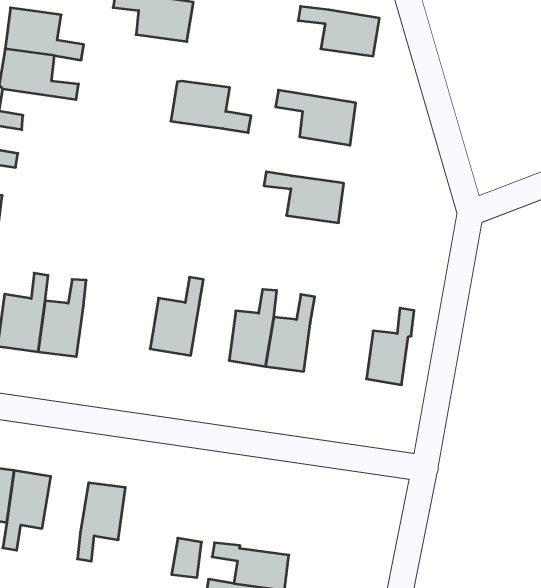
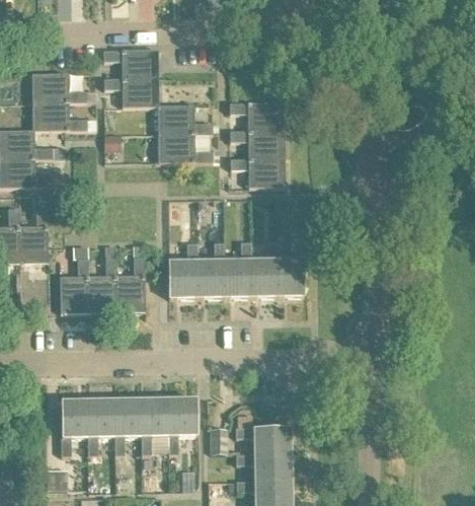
building: [298,6,379,56] -> [228,131,285,159]
building: none -> [102,77,159,107]
building: none -> [156,134,213,162]
building: none -> [197,242,225,297]
building: none -> [116,257,146,311]
building: [366,308,414,385] -> [278,241,305,295]
building: none -> [113,399,141,453]
building: none -> [167,397,197,453]

